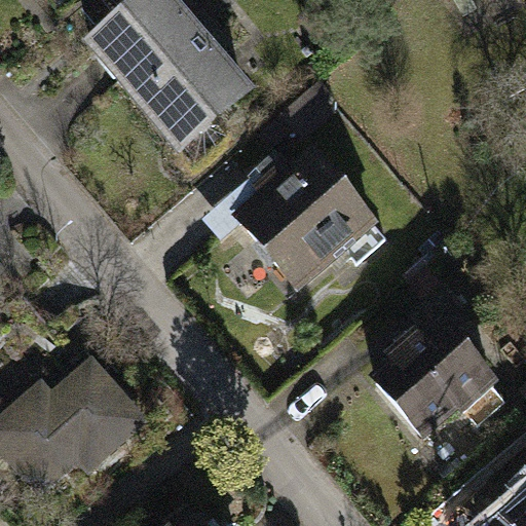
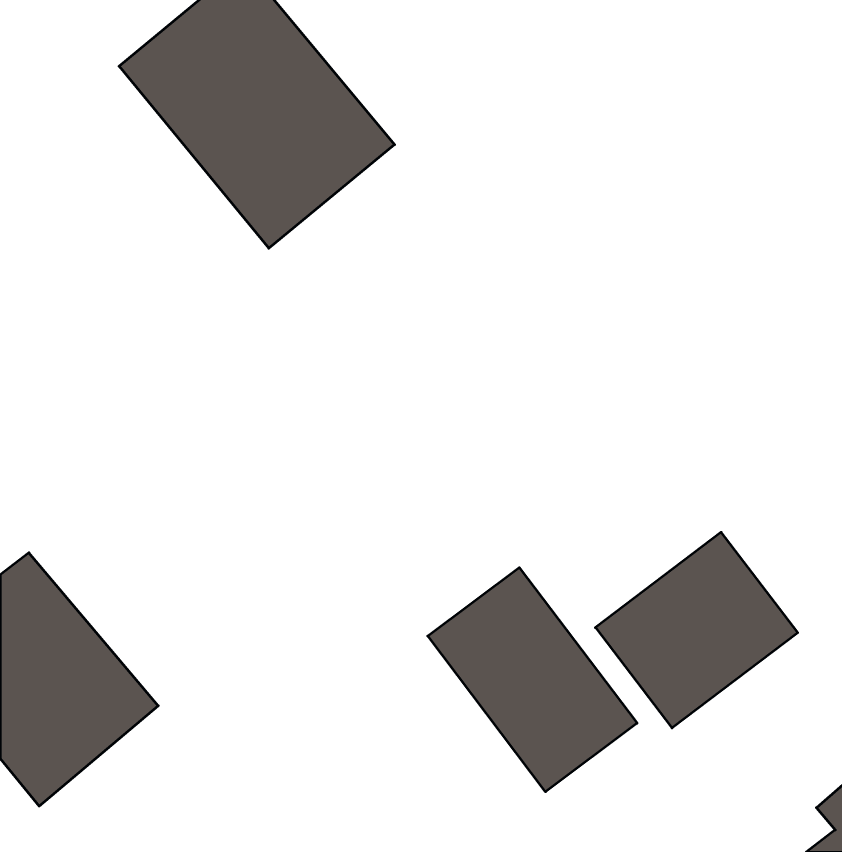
building: [237,151,387,298] -> none
building: none -> [428,568,637,792]

